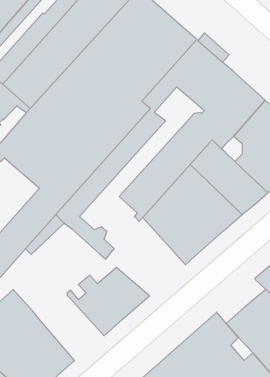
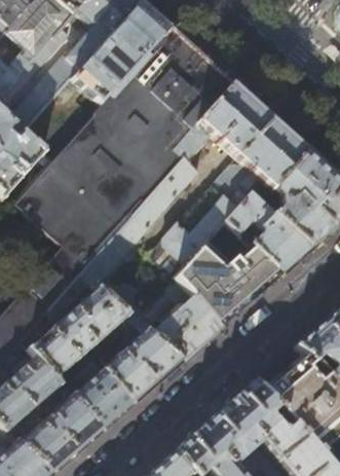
building: none -> [134,280,220,365]
building: none -> [27,292,126,381]
building: none -> [62,364,131,435]

